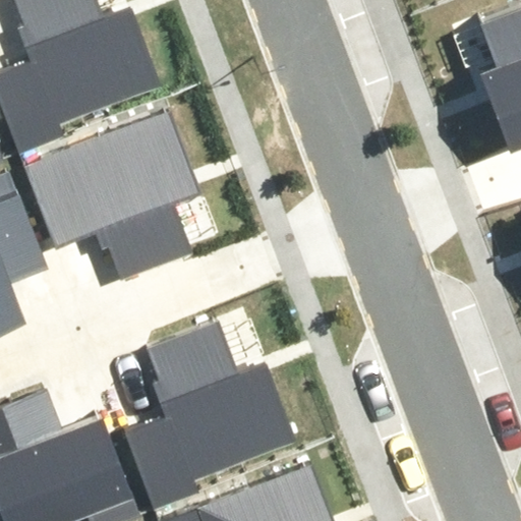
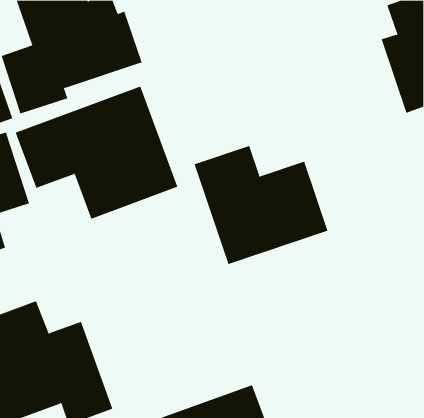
building: none -> [194,145,328,265]
building: [123,327,297,504] -> none

